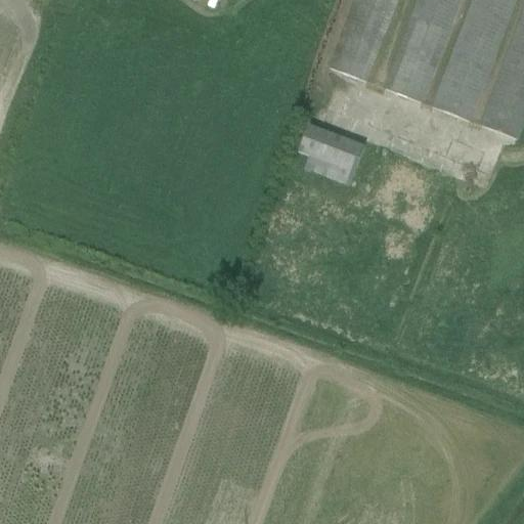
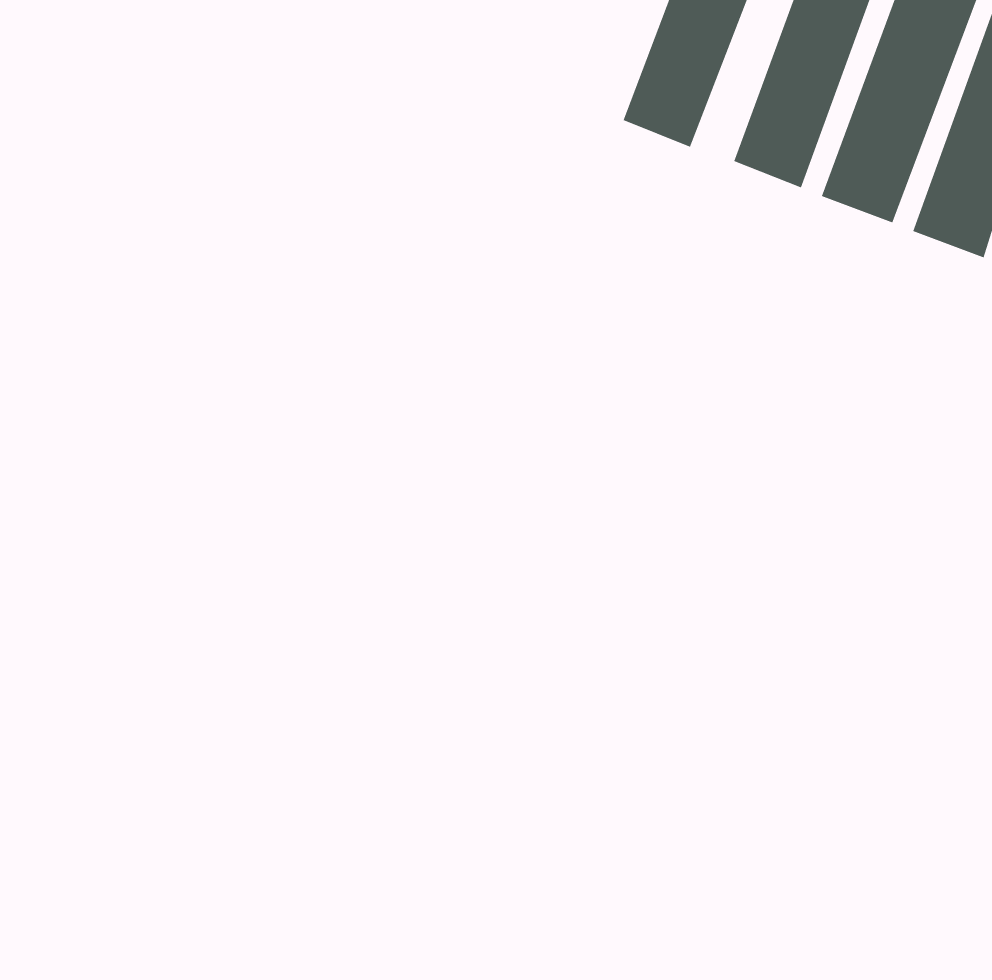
building: [295,120,367,183] -> none

